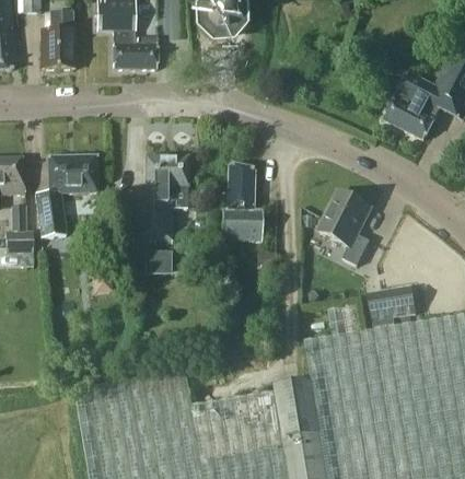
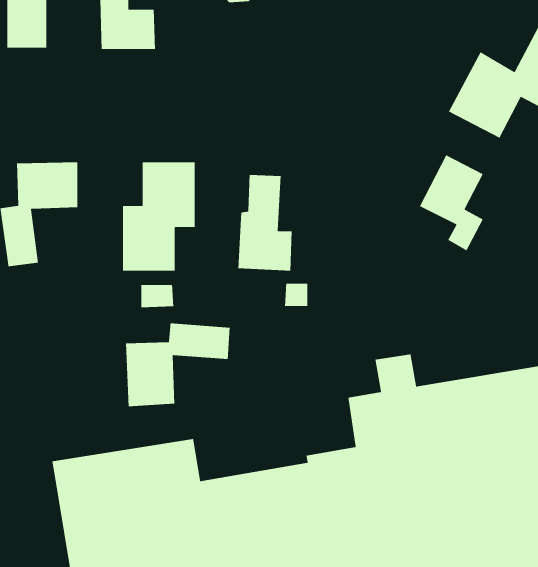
building: [318,190,369,266] -> [419,154,484,252]
building: none -> [125,322,231,407]
building: [368,287,416,322] -> none

